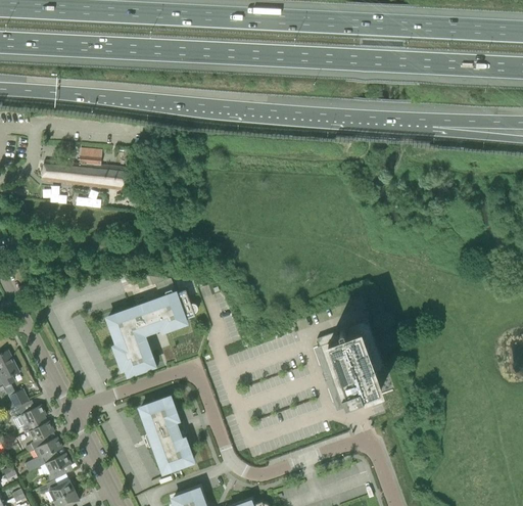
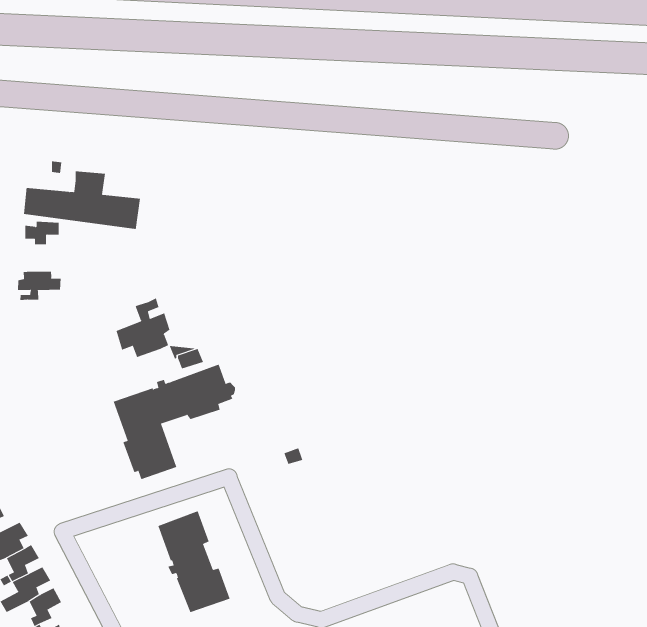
building: none -> [18,271,61,301]
building: none -> [116,298,170,358]
building: [317,320,385,403] -> none

